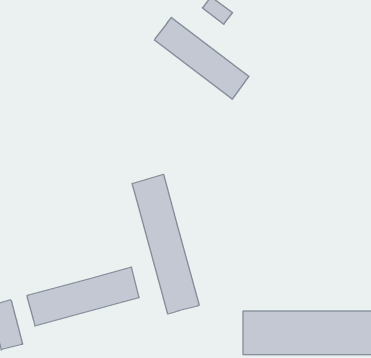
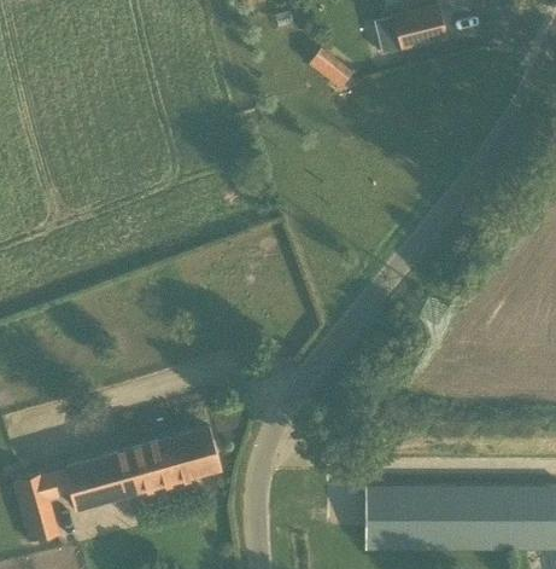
building: [155,17,249,99] -> none
building: [132,174,199,314] -> none

